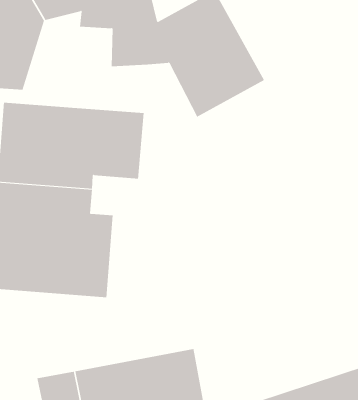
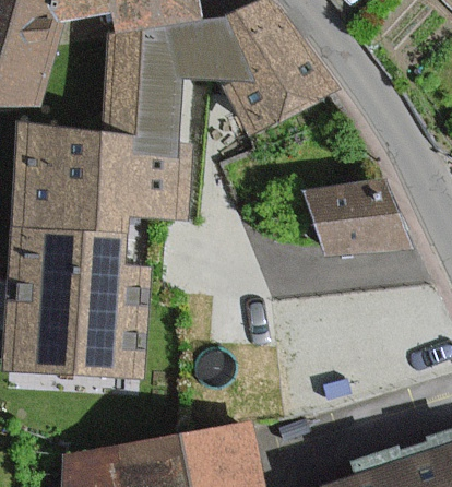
building: none -> [102,34,192,138]
building: none -> [309,179,405,263]

